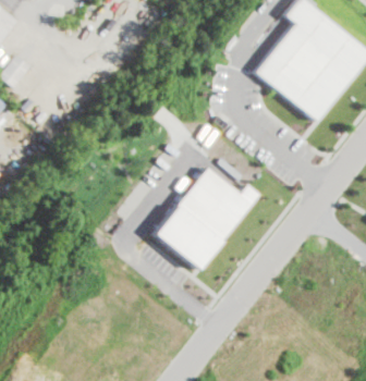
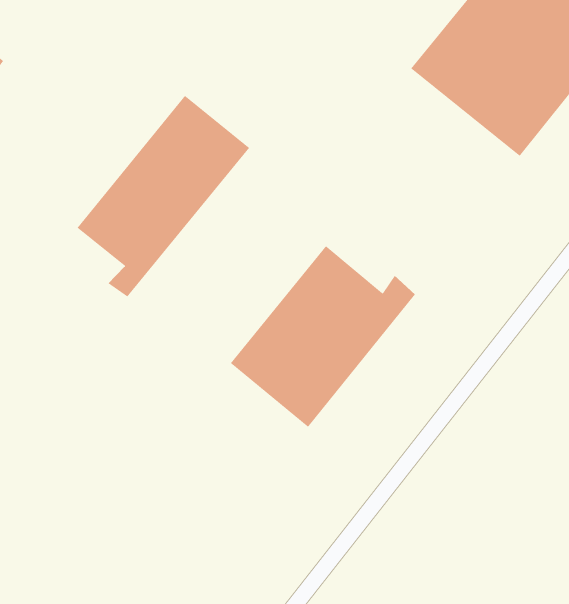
building: none -> [76,95,250,297]

